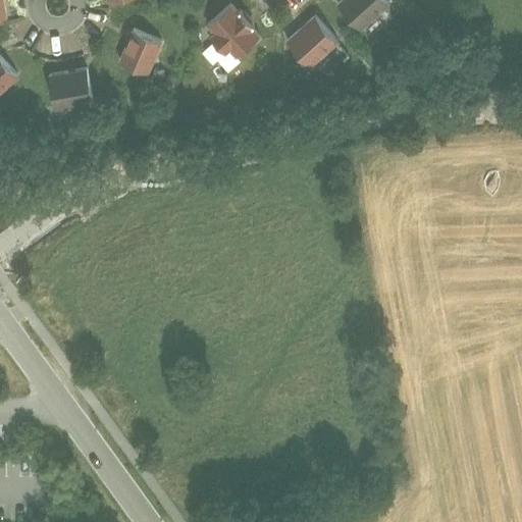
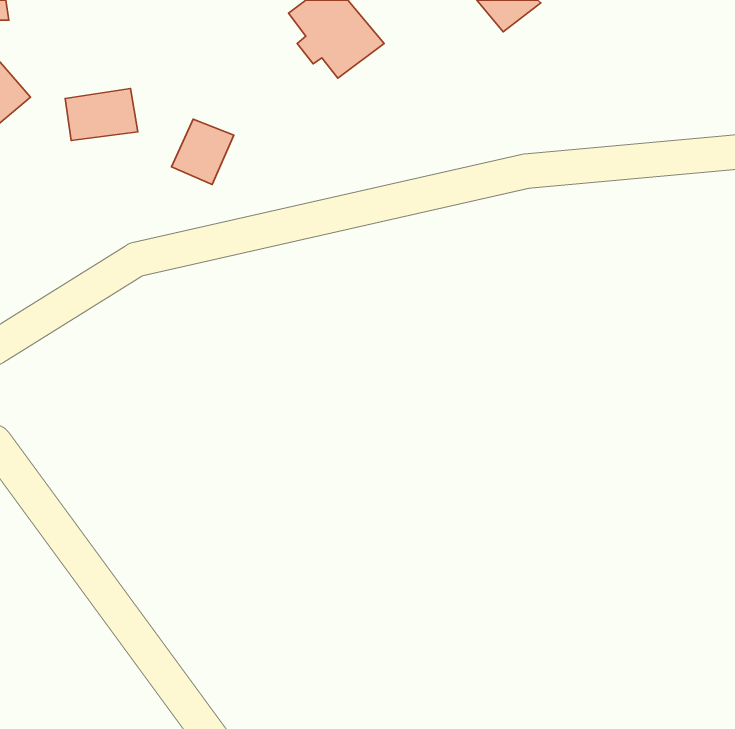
building: [285,18,333,65] -> none
building: [117,30,161,75] -> [171,119,234,184]

